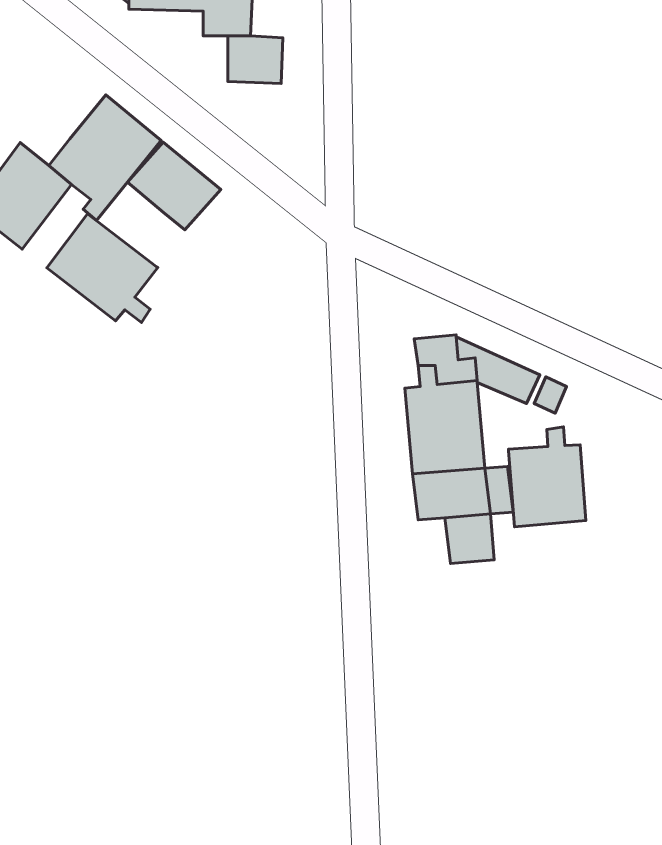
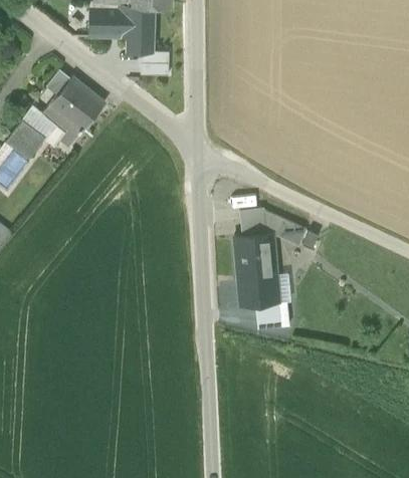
building: none -> [41,68,75,104]
building: [127,142,221,230] -> none
building: [47,214,158,323] -> none
building: [508,427,586,527] -> none

